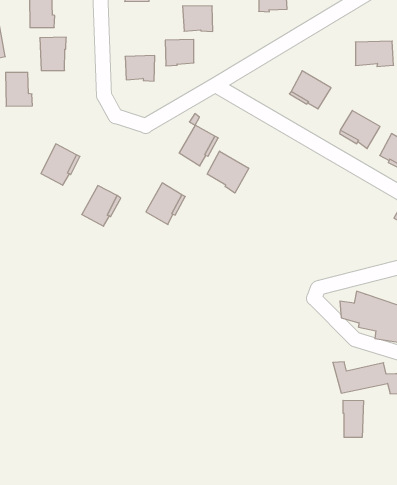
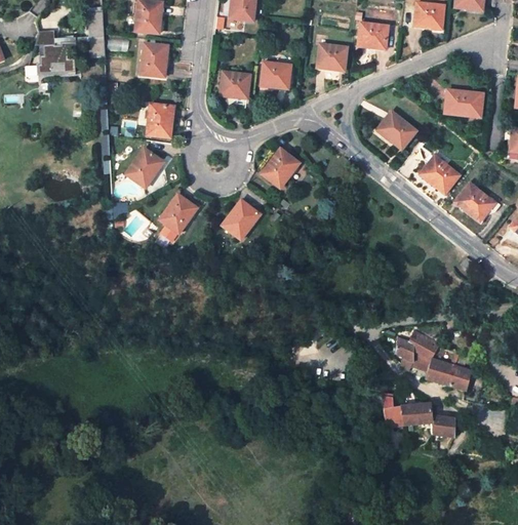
building: [183,6,213,31] -> [316,43,347,72]
building: [6,72,32,106] -> [145,102,171,137]
building: [207,151,249,193] -> none
building: [343,400,363,437] -> none

